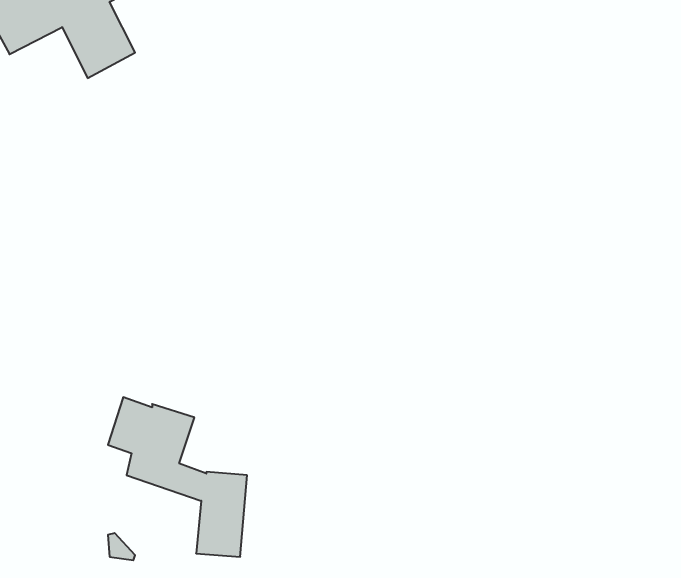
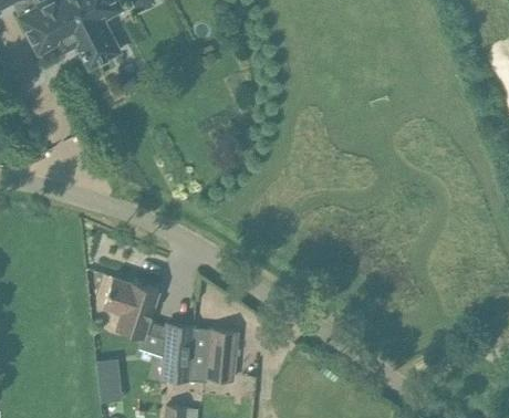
building: none -> [188,328,237,383]

